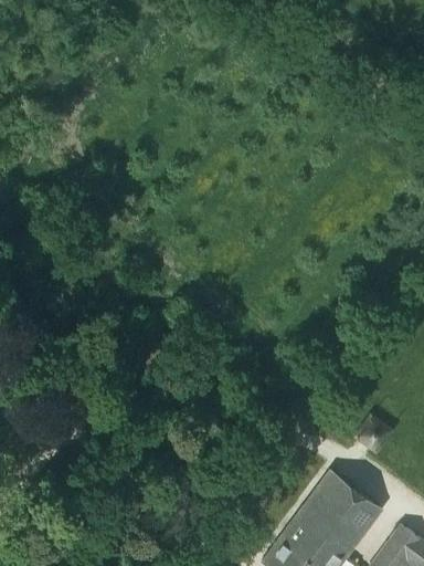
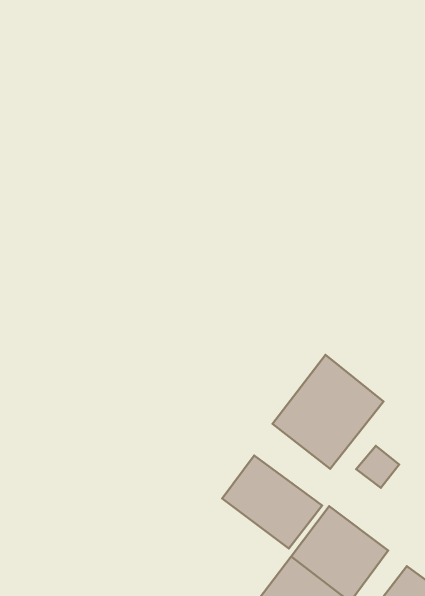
building: none -> [273,355,383,469]
building: none -> [222,456,322,549]

